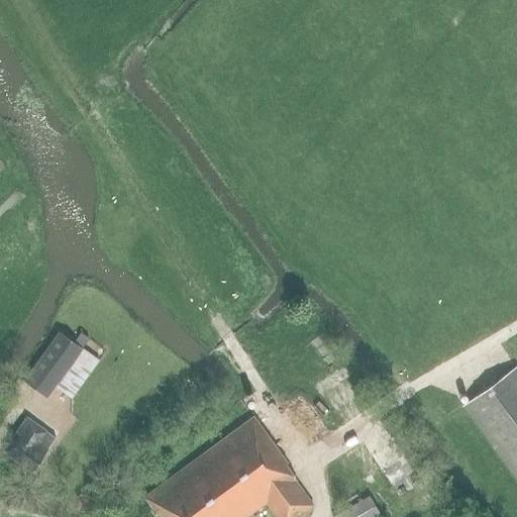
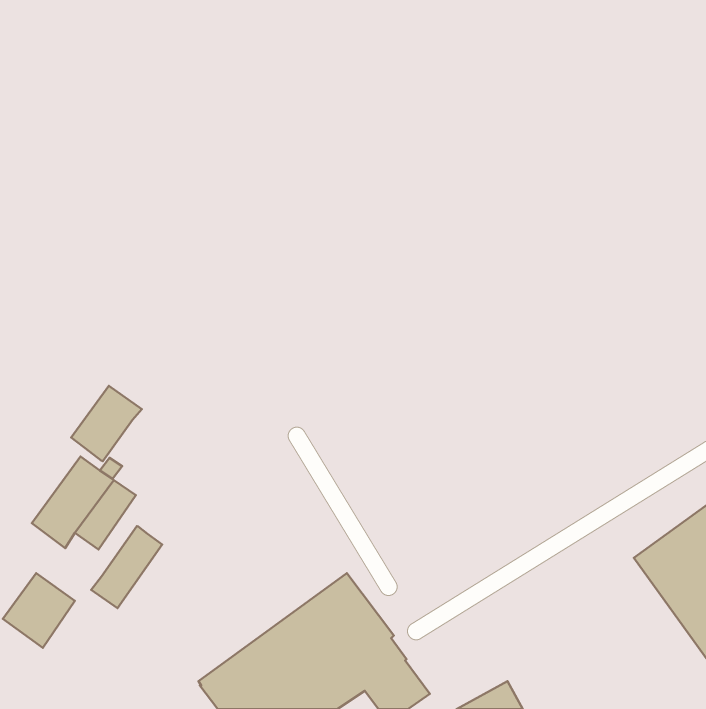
building: none -> [71,386,142,461]
building: none -> [91,526,162,608]

